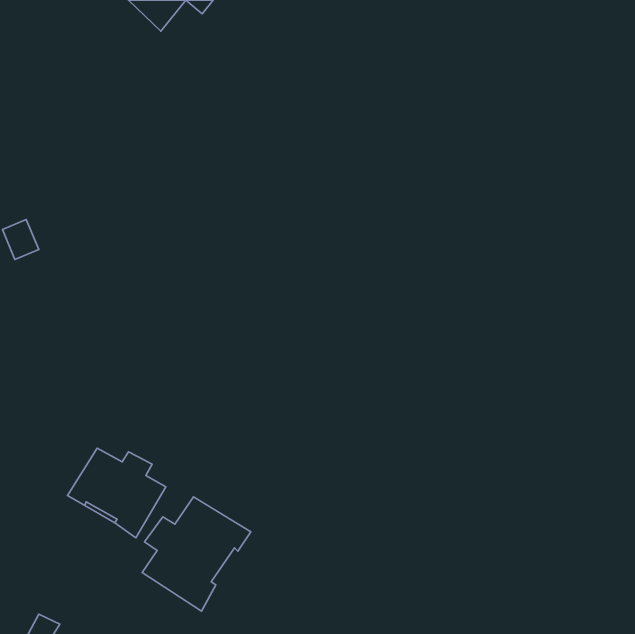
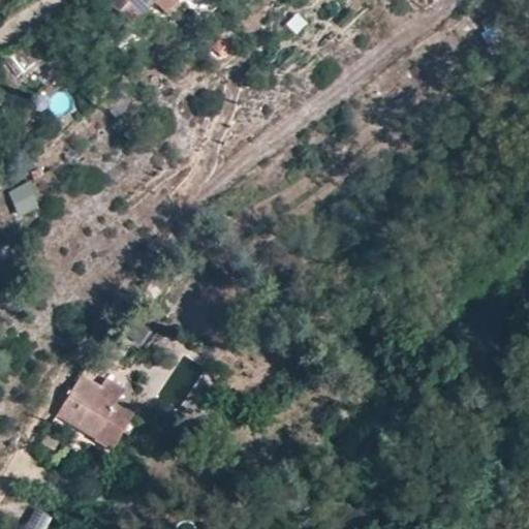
building: [142,497,251,611] -> none

